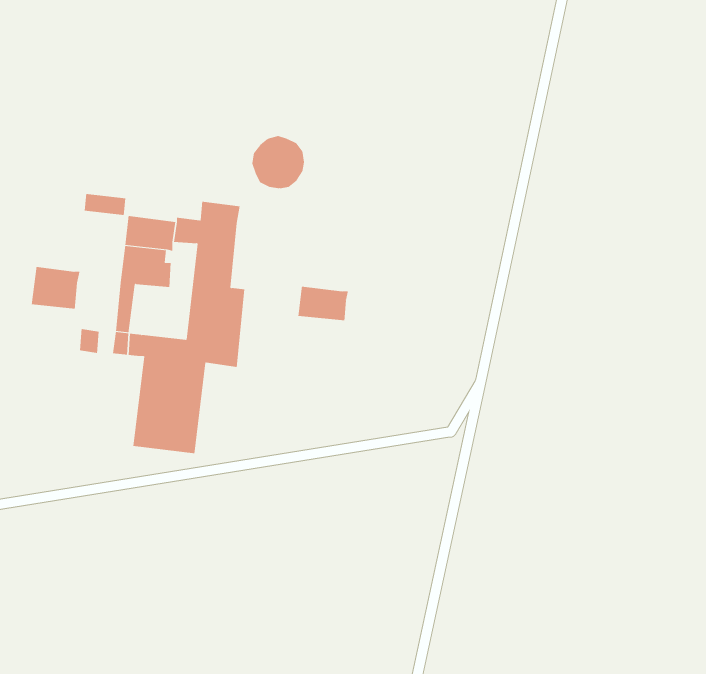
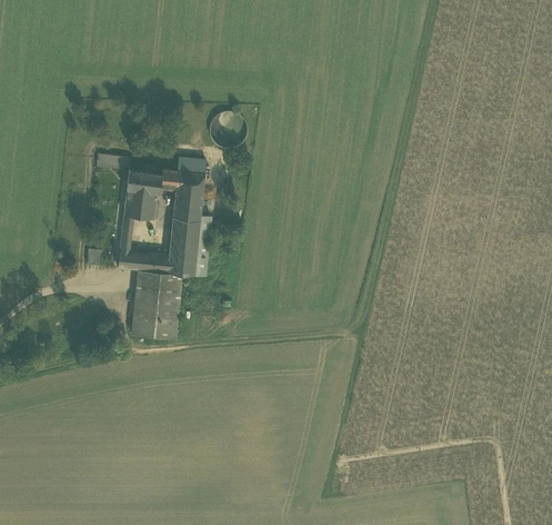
building: [31,266,80,310] -> none
building: [298,286,348,321] -> none

